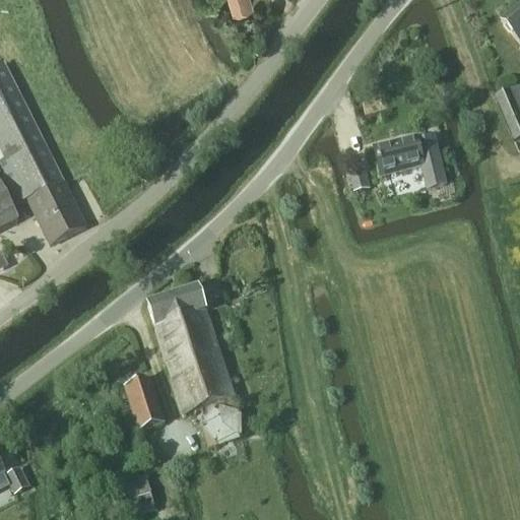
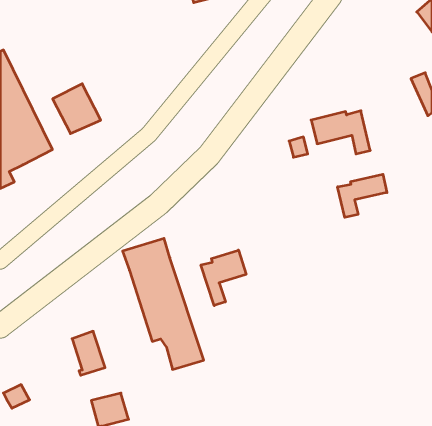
building: [27,180,85,240] -> [53,84,101,134]
building: none -> [338,174,387,217]
building: none -> [201,250,246,306]
building: [124,376,164,429] -> [72,331,105,375]

